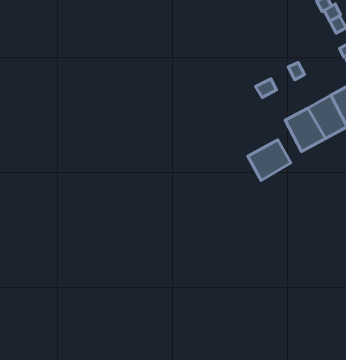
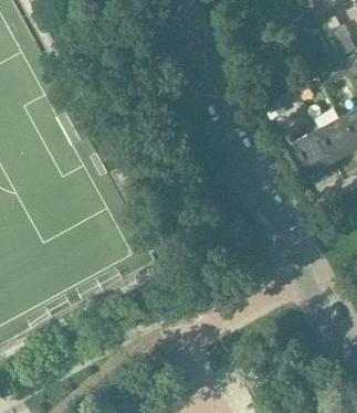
building: [248,140,291,181] -> none

